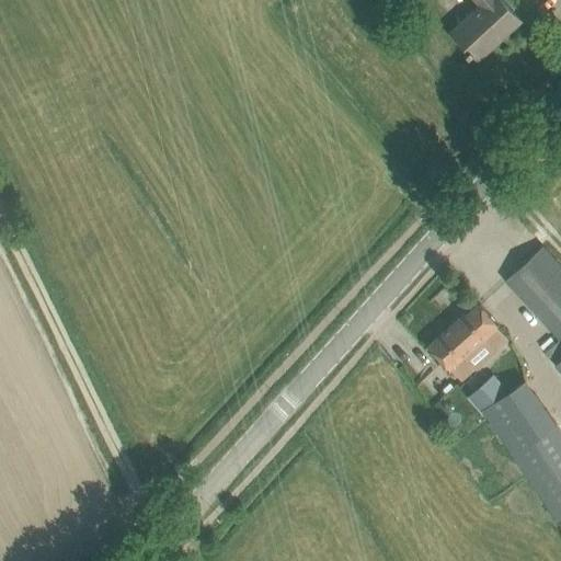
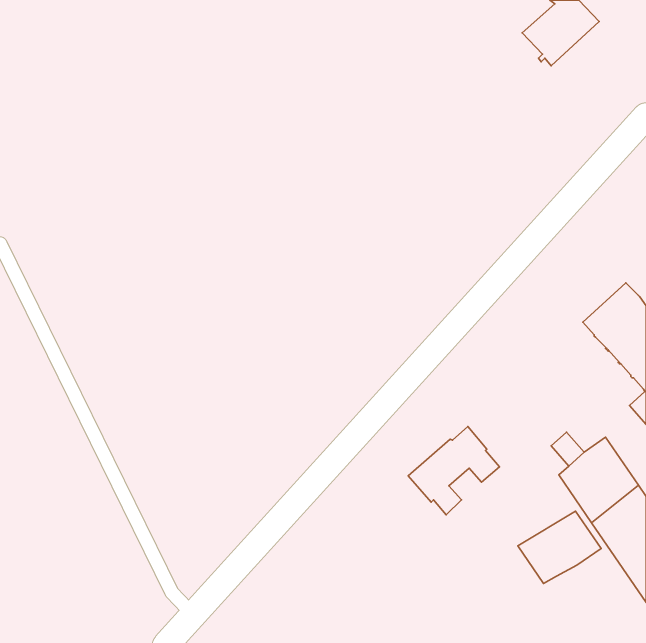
building: [428,305,507,381] -> [408,426,499,515]
building: none -> [518,511,601,583]

